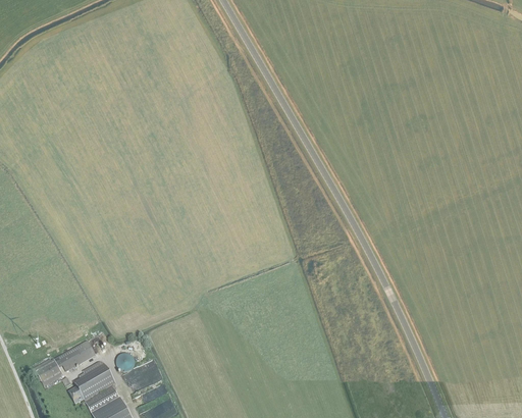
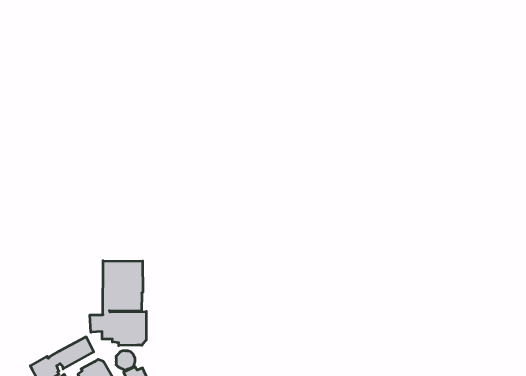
building: none -> [90,261,146,346]

